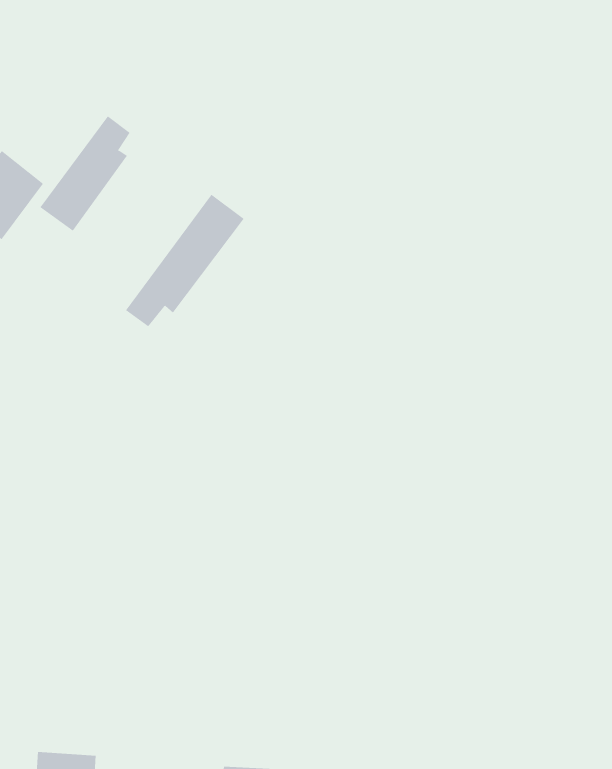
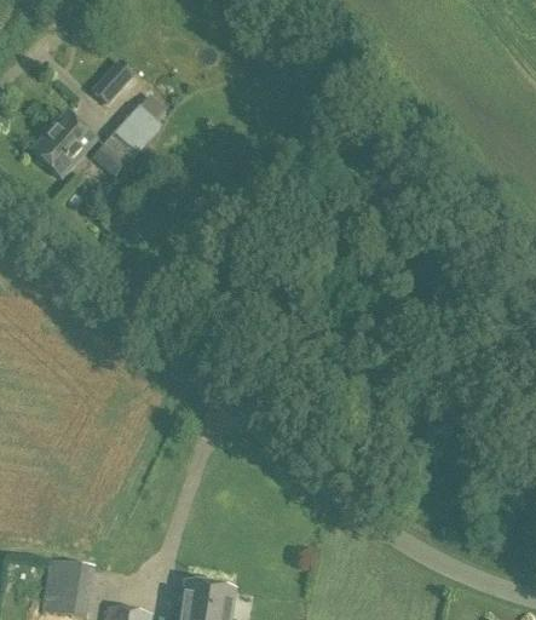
building: none -> [91,59,134,104]
building: [125,194,244,327] -> none

